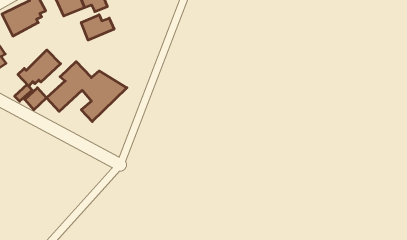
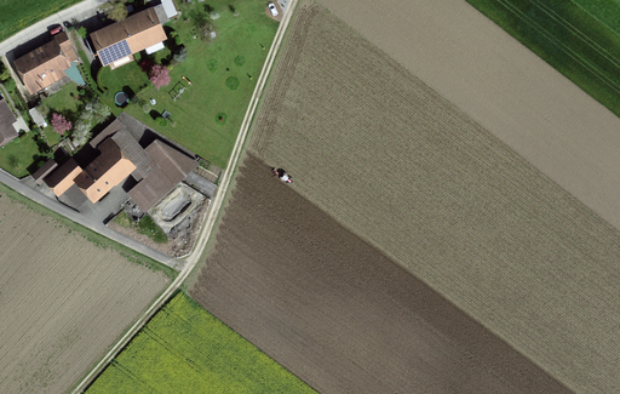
building: [81,15,114,40] -> none
building: [18,50,61,86] -> none

